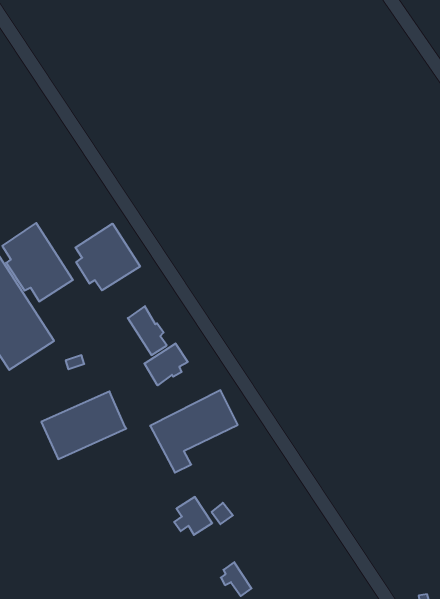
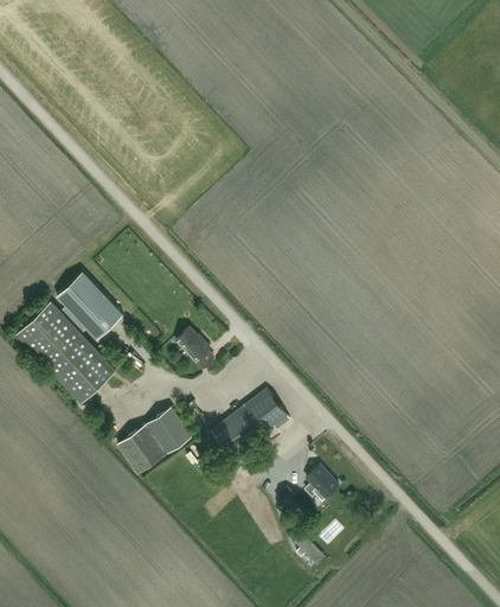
building: [75,224,140,290] -> none
building: [144,343,188,385] -> none
building: [174,497,212,535] -> [306,465,339,498]

